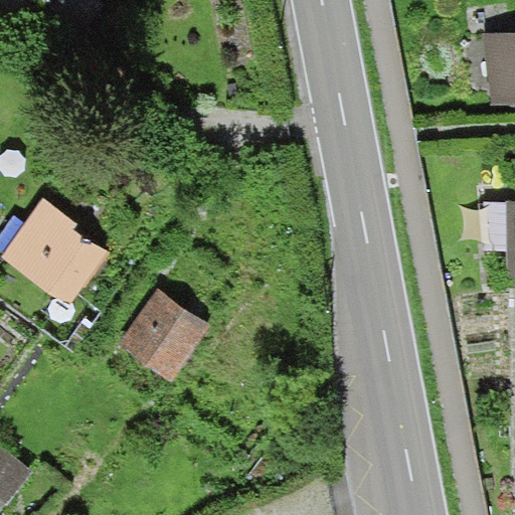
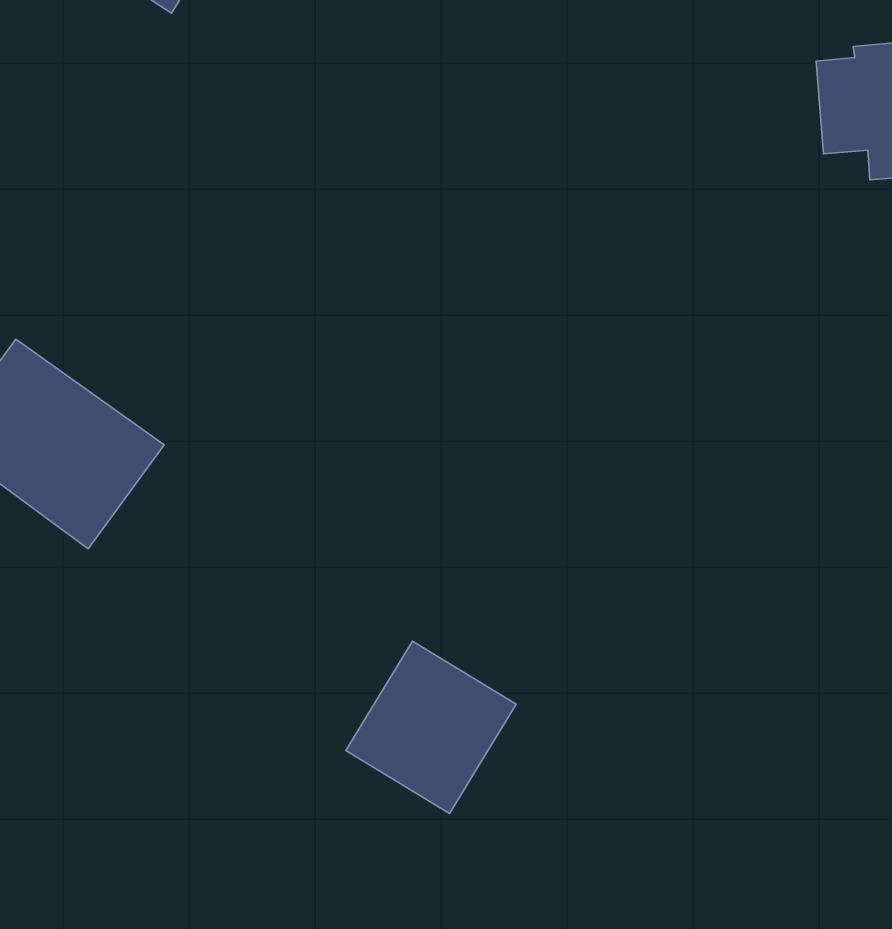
building: [120,289,212,382] -> [346,641,516,814]

